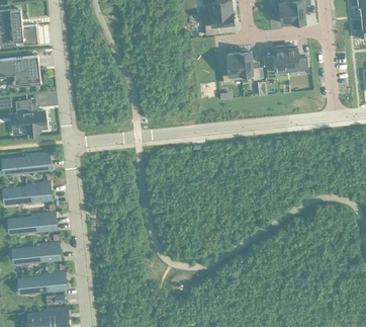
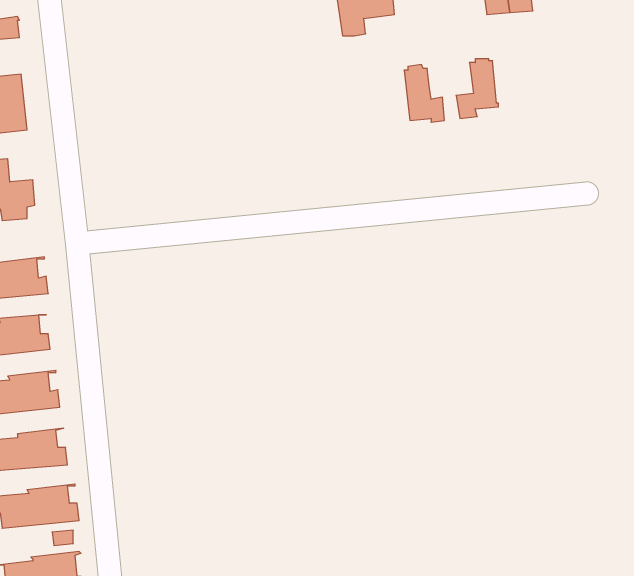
building: [285,47,308,72] -> none
building: [222,54,242,84] -> none

